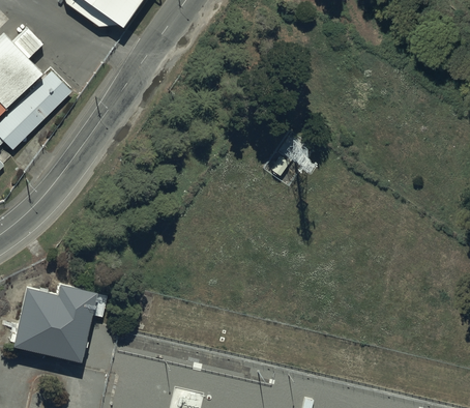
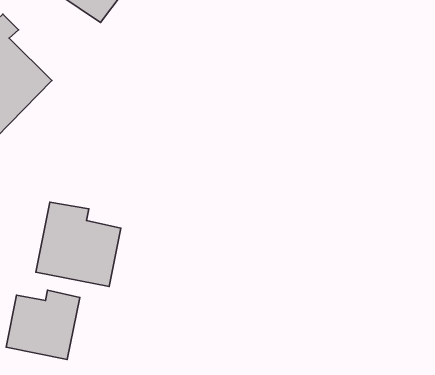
building: none -> [36,202,121,287]

